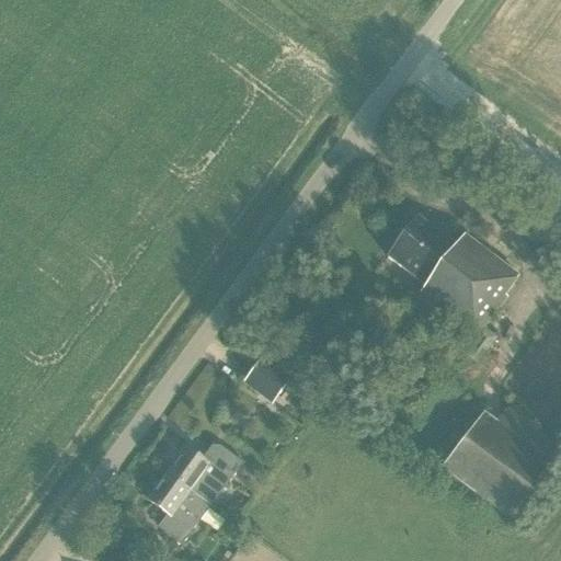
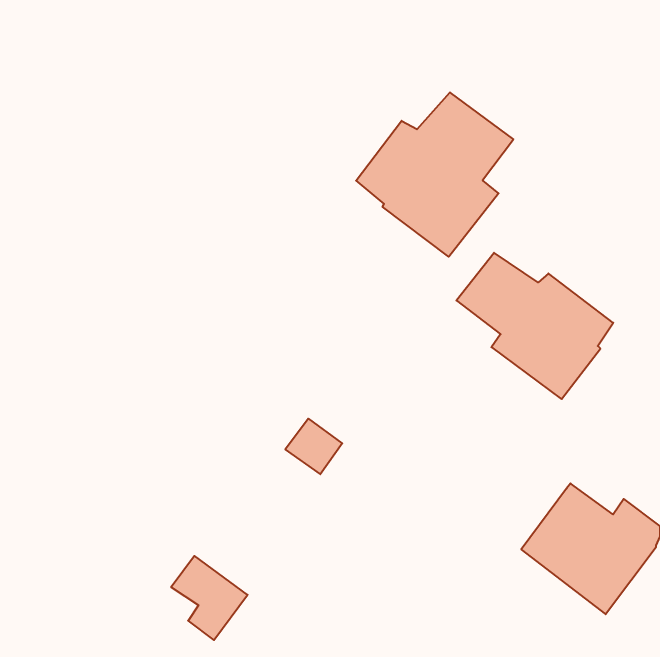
building: none -> [356,92,513,257]
building: [164,442,241,503] -> none

